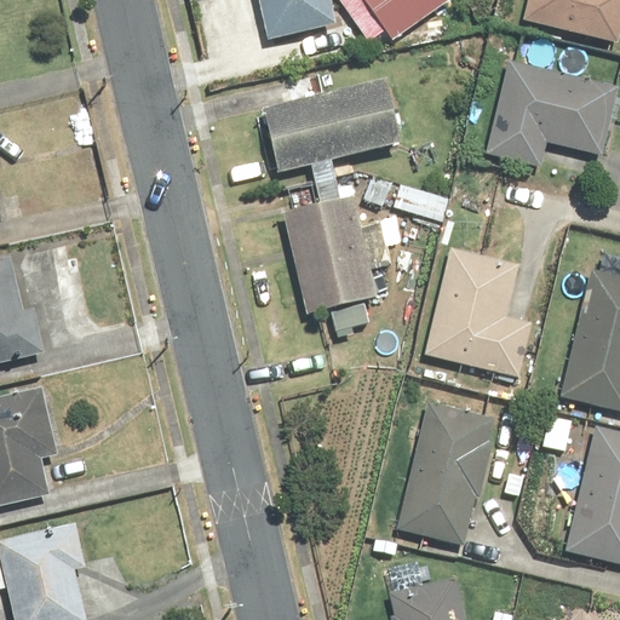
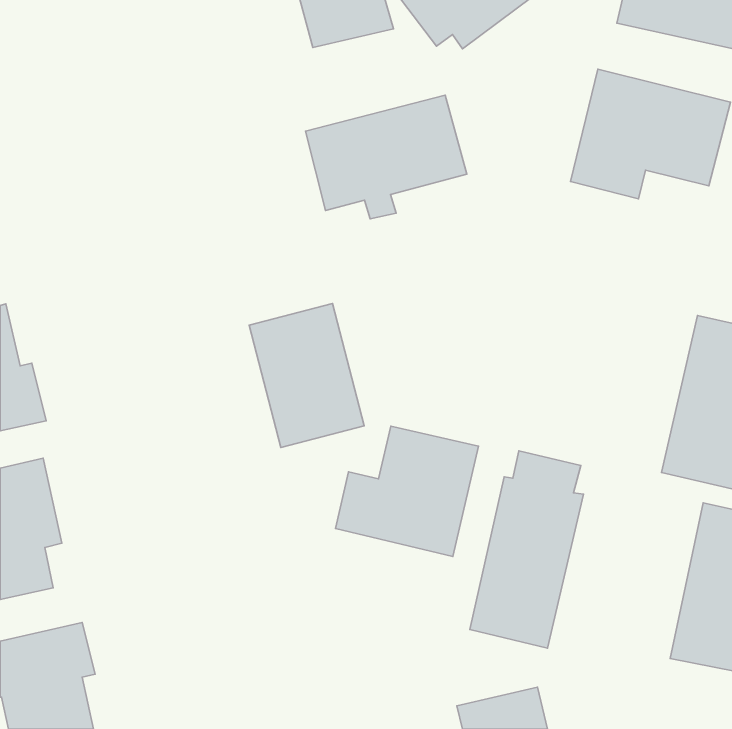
building: [280,194,377,315] -> [249,303,364,448]
building: [423,248,534,378] -> none
building: none -> [336,426,479,556]

